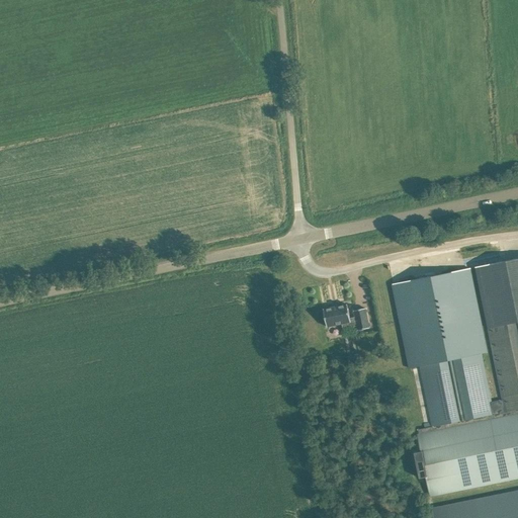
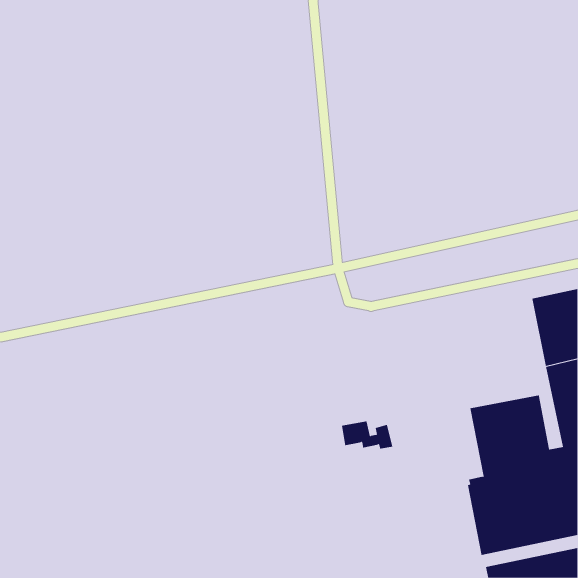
building: [393,268,488,367] -> none
building: [324,305,370,330] -> [341,421,393,449]

